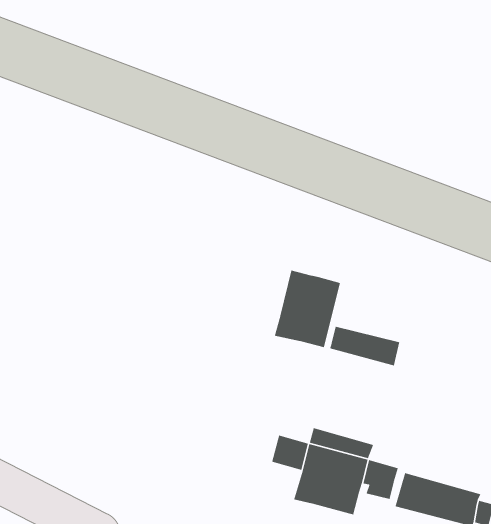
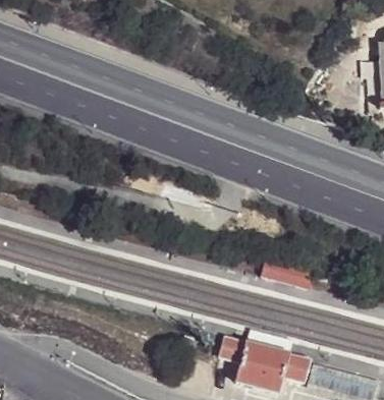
building: [274,269,341,348] -> none

